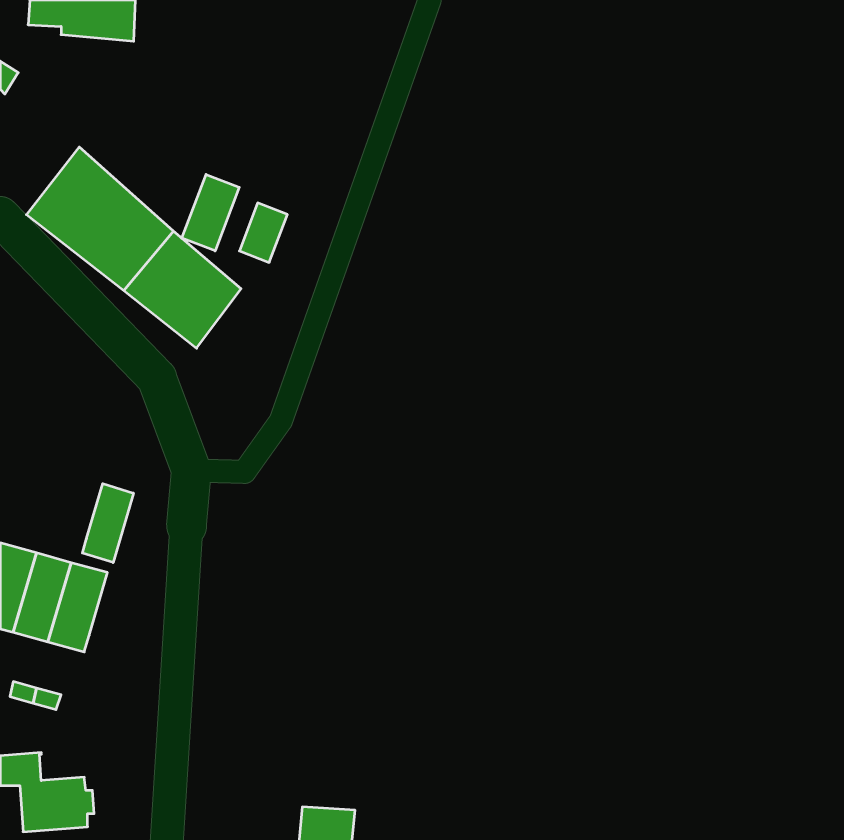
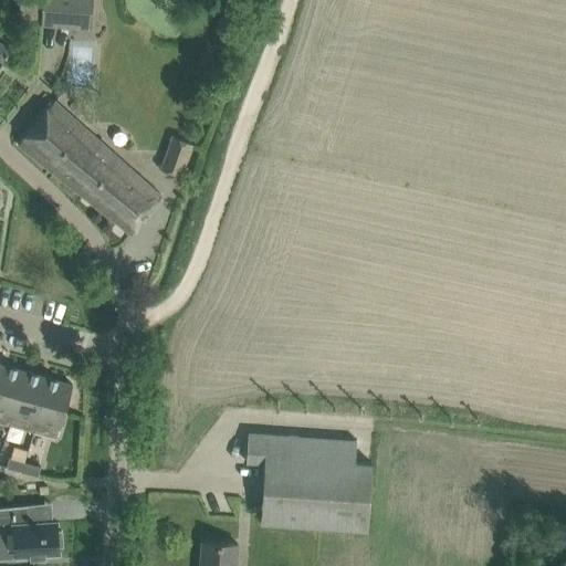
building: [182,174,239,251] -> none
building: [82,484,133,563] -> none
building: none -> [247,434,373,531]

